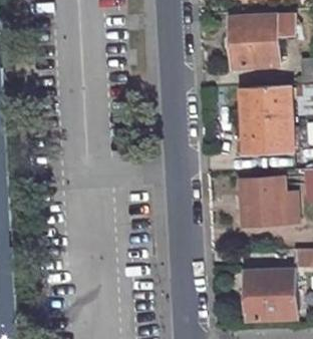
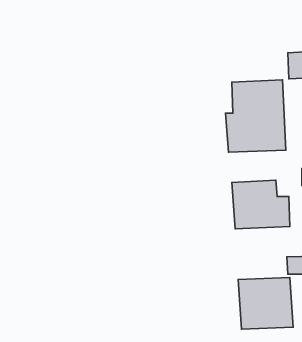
building: [232,16,280,67] -> none

